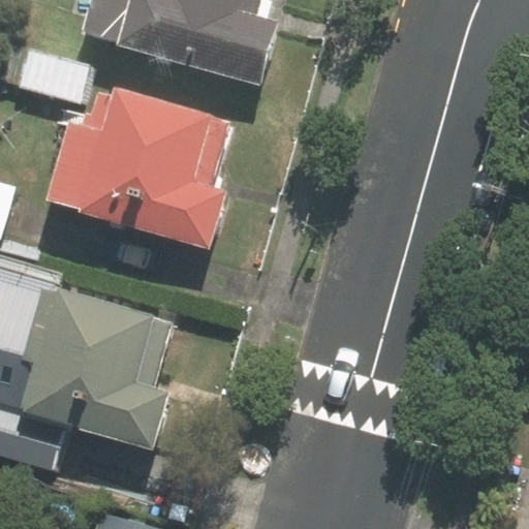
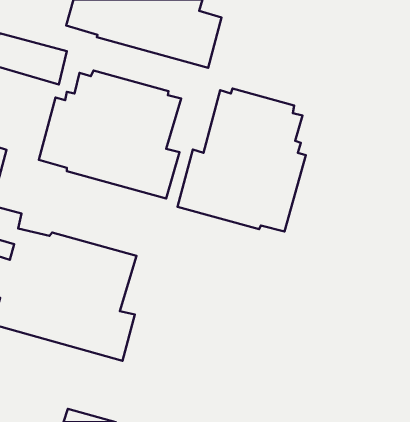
building: none -> [178,88,306,231]

